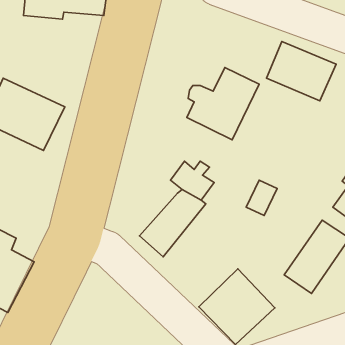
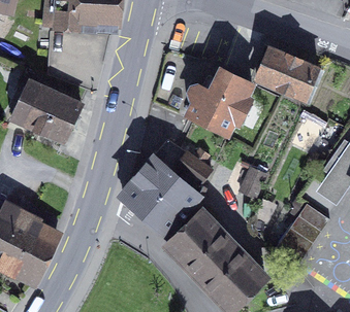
building: none -> [123,159,180,216]
building: none -> [166,212,232,278]

